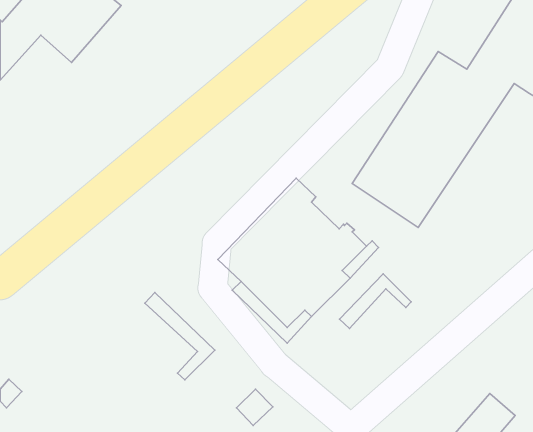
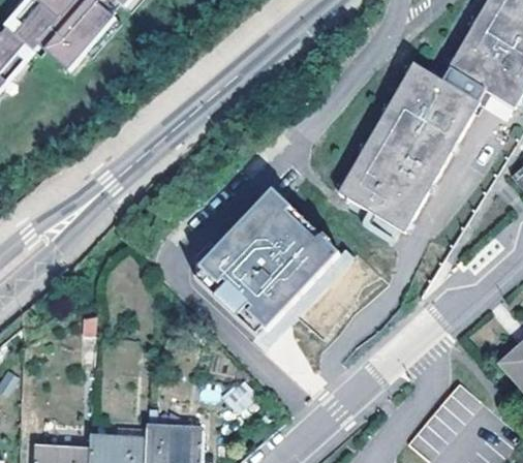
building: [340,274,411,329] -> none
building: [145,292,215,380] -> none

